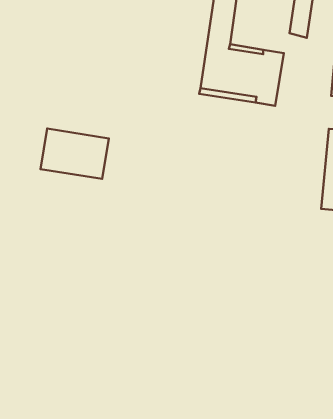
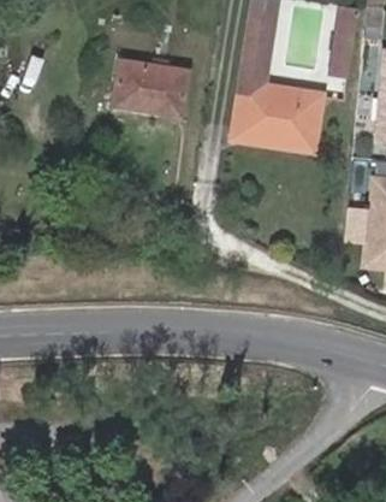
building: [41,128,109,179] -> [113,60,188,116]

